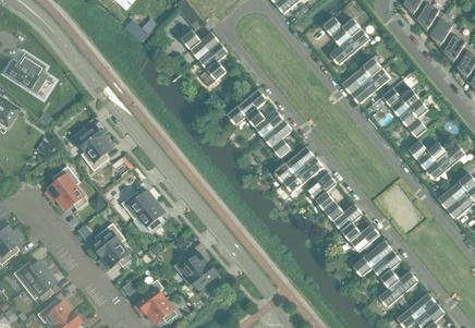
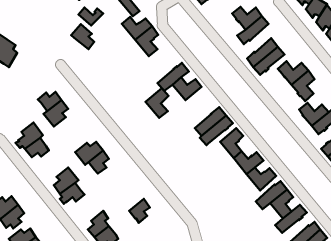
building: none -> [71,24,94,49]
building: [263,119,292,157] -> [146,88,169,118]
building: [179,252,209,278] -> none

